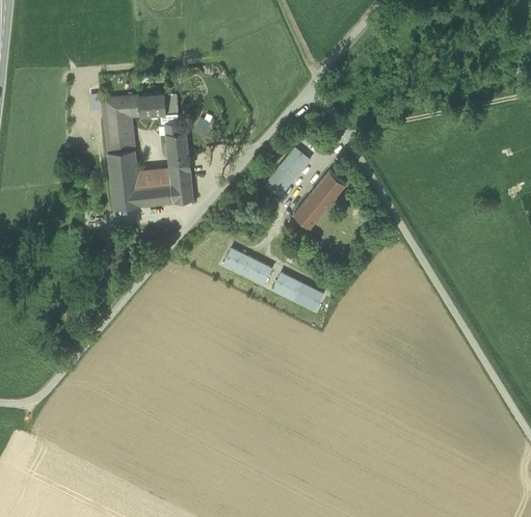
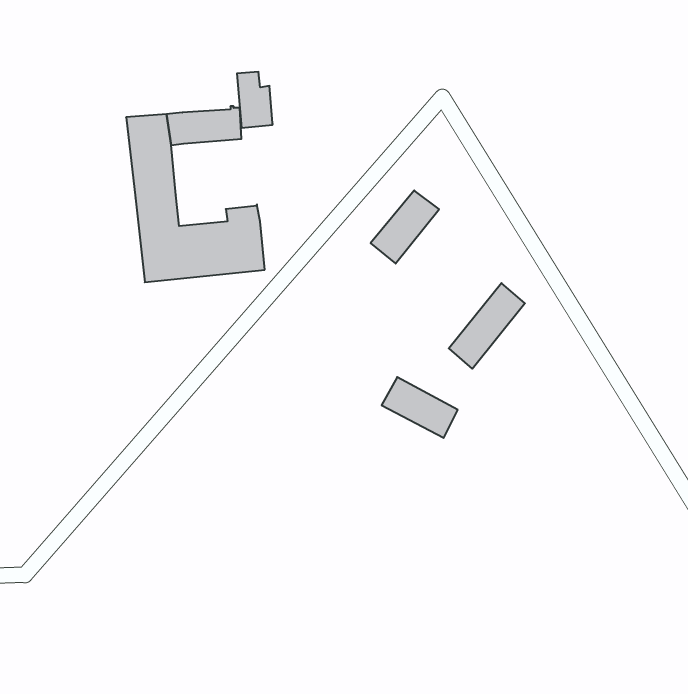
building: [164,123,188,160] -> [237,72,273,128]
building: [294,170,345,227] -> [449,283,525,369]
building: [220,245,270,284] -> none

